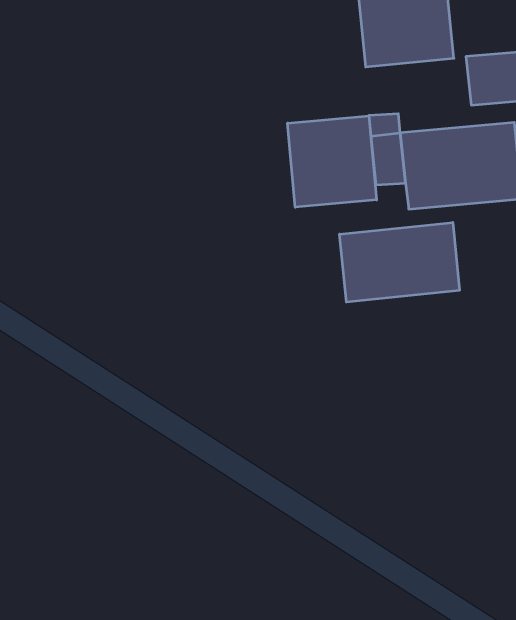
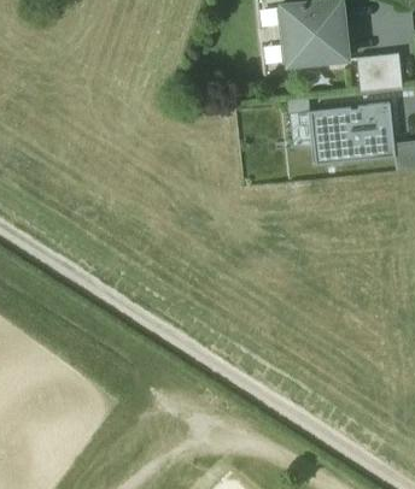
building: [288,116,377,207] -> none
building: [340,222,459,302] -> none

